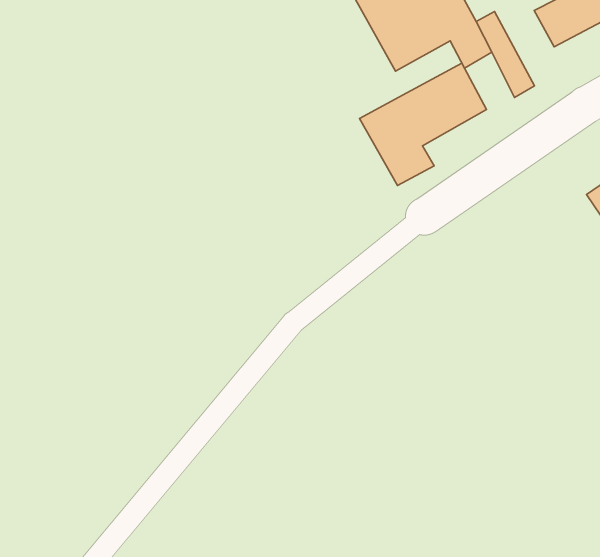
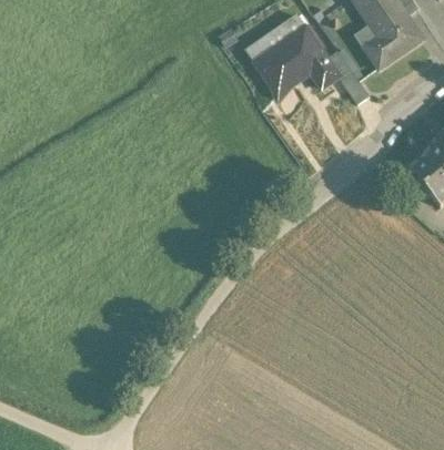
building: [360,63,487,186] -> none

